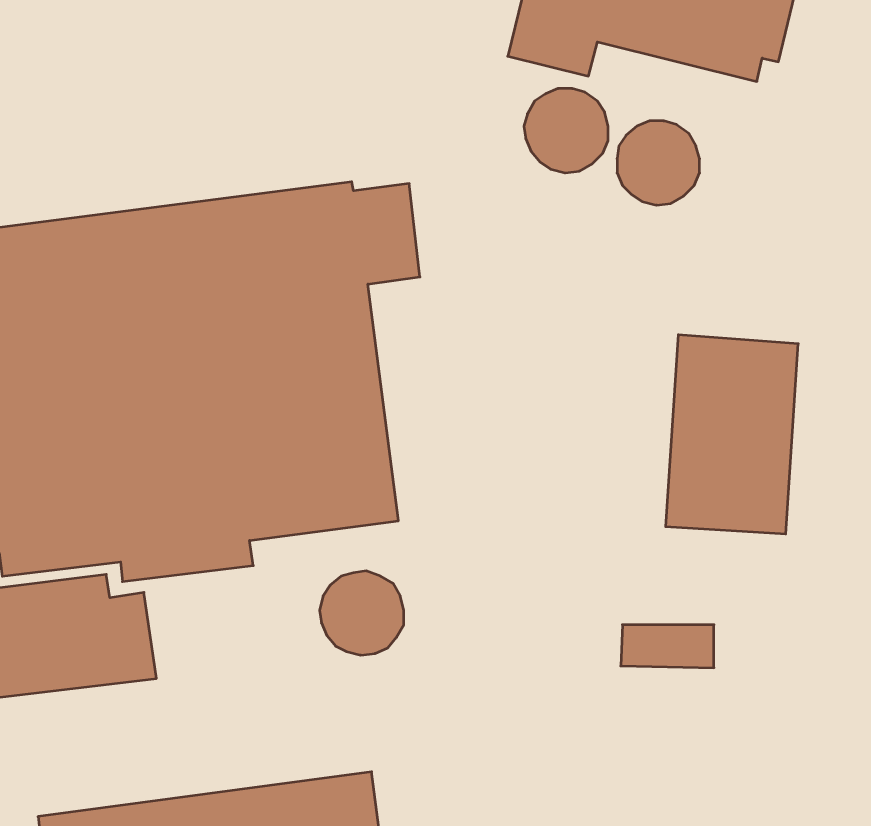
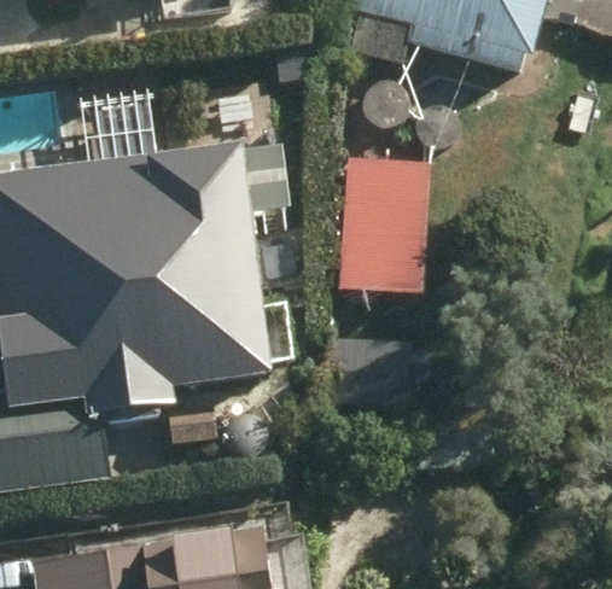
building: [666,335,798,534] -> [337,164,426,298]

